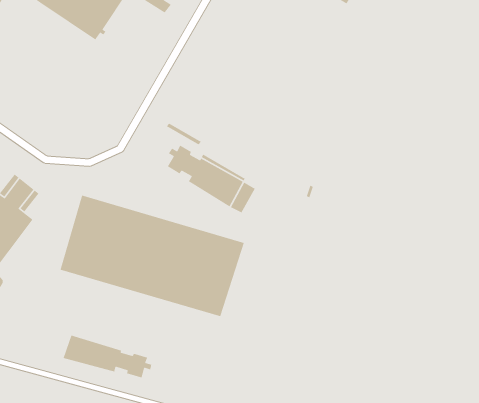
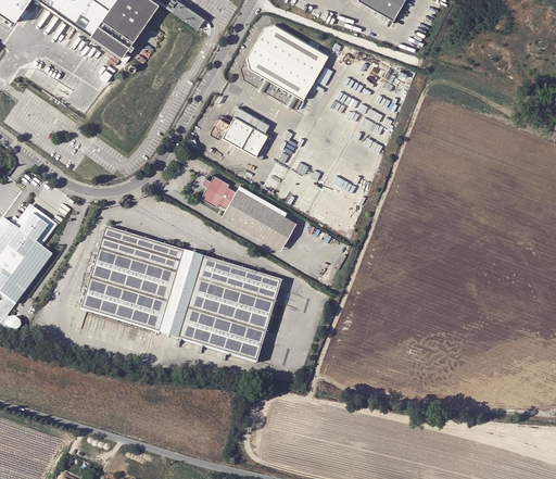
building: none -> [242,24,329,108]
building: none -> [211,115,268,155]
building: [63,334,152,378] -> none

